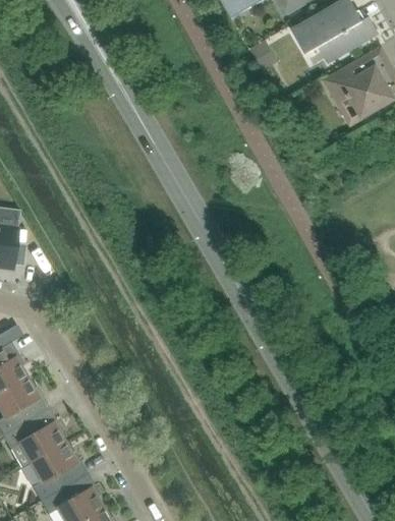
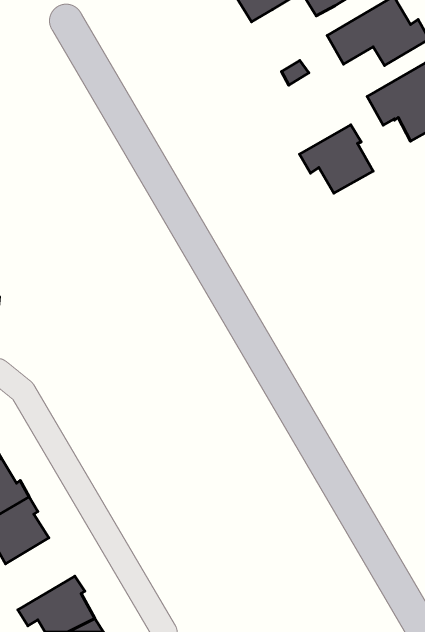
building: none -> [300,125,373,193]
building: [30,441,87,500] -> none

